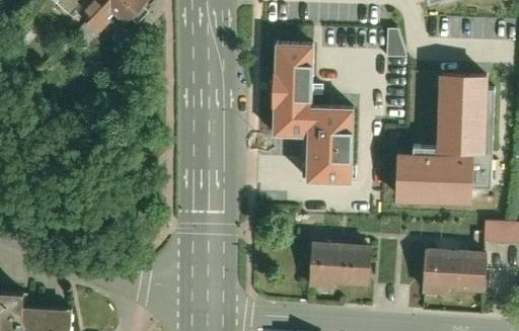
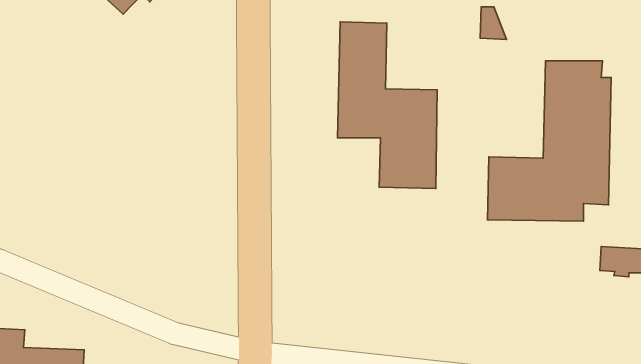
building: [308,235,370,288] -> none
building: [423,245,484,294] -> none

